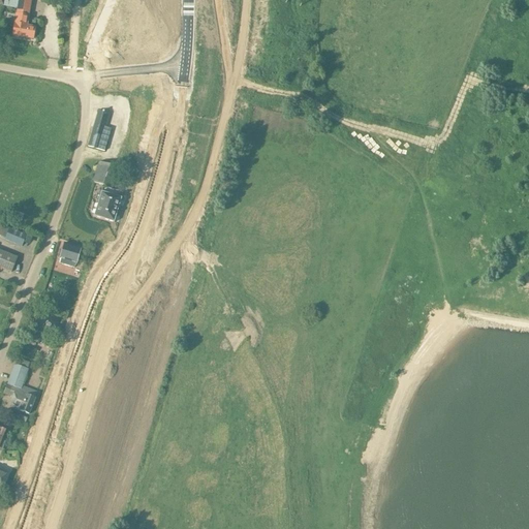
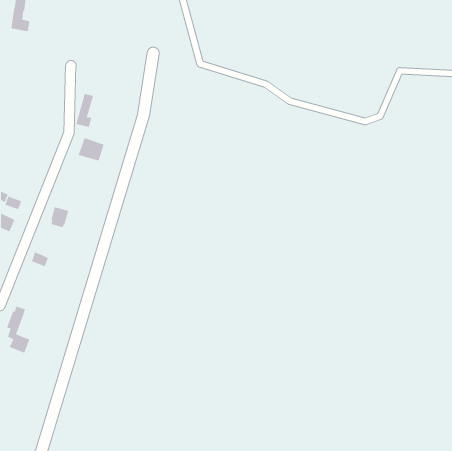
building: [95,190,122,220] -> none

